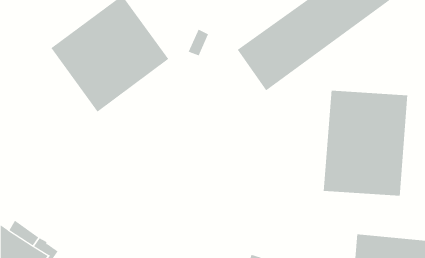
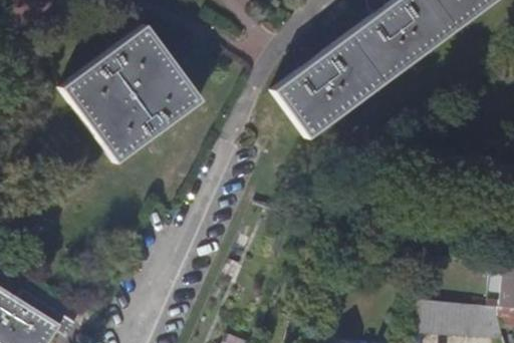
building: [323,90,408,196] -> none

